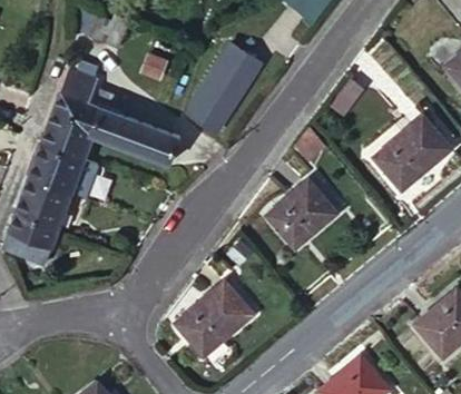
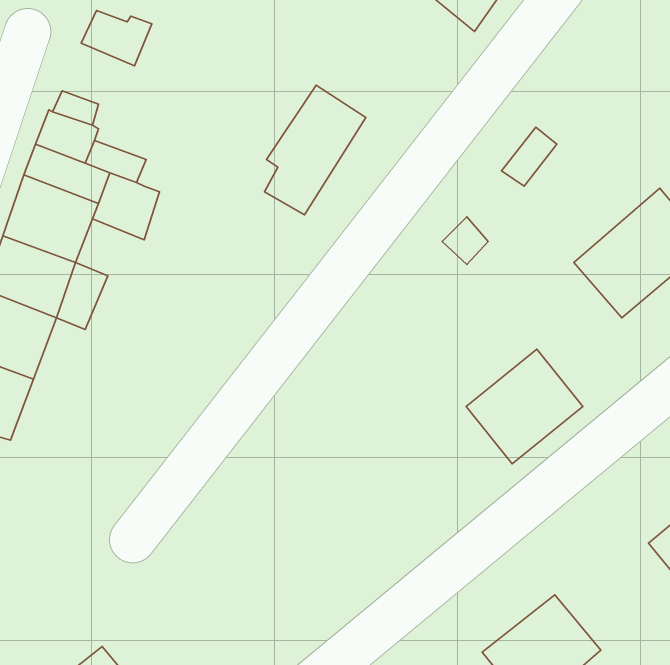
building: [122,118,178,164] -> none
building: [267,180,335,247] -> [466,349,583,464]
building: [175,282,255,358] -> none

